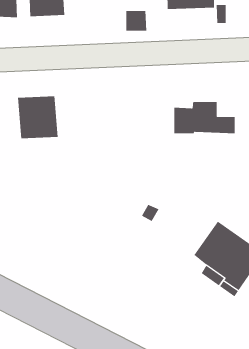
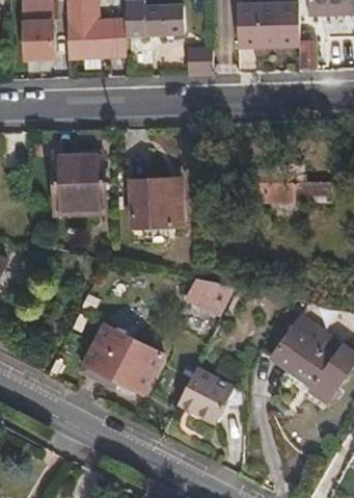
building: none -> [129,177,185,226]
building: none -> [82,325,162,391]
building: none -> [178,369,233,424]

